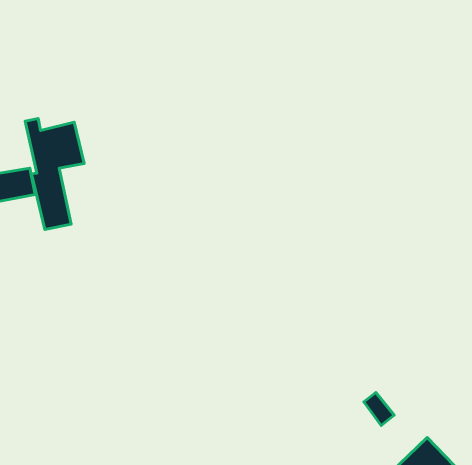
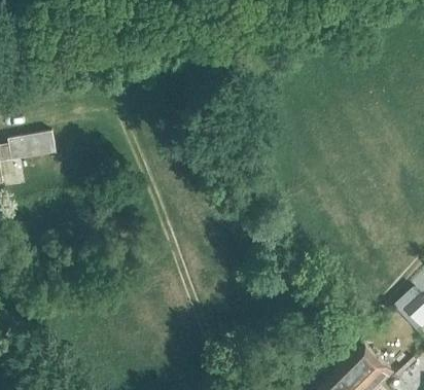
building: [25,119,84,230] -> none

